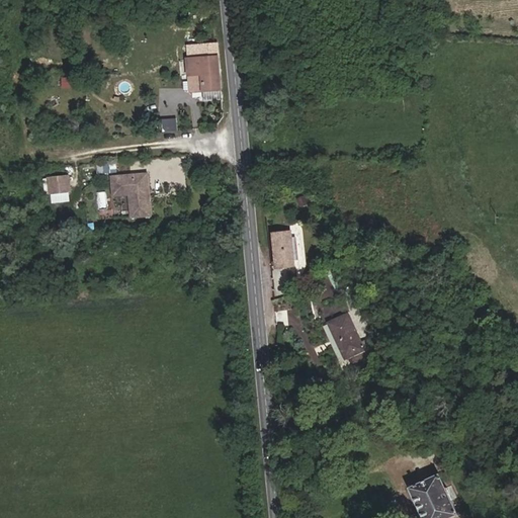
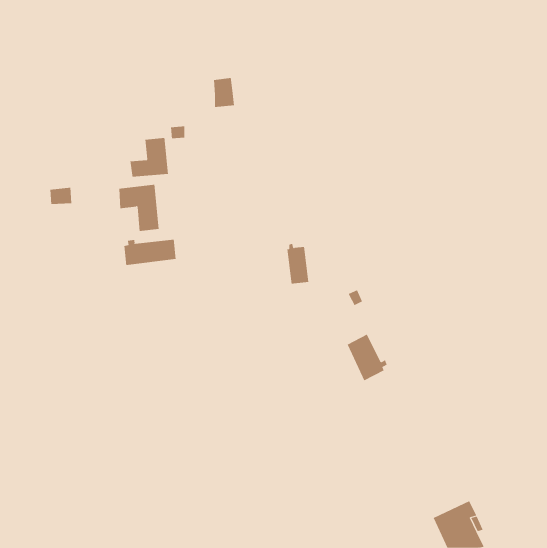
building: [184,44,218,75] -> none
building: none -> [130,137,168,177]
building: none -> [124,239,176,266]

